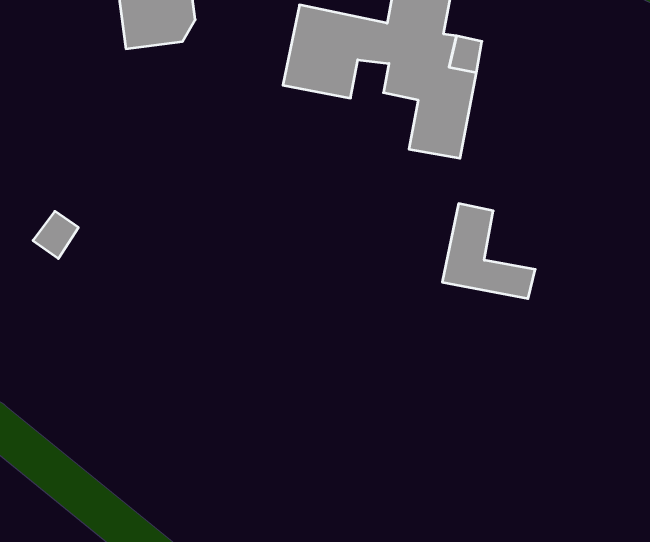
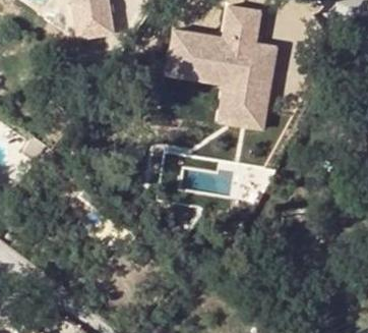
building: [442,204,535,299] -> [209,72,261,125]

